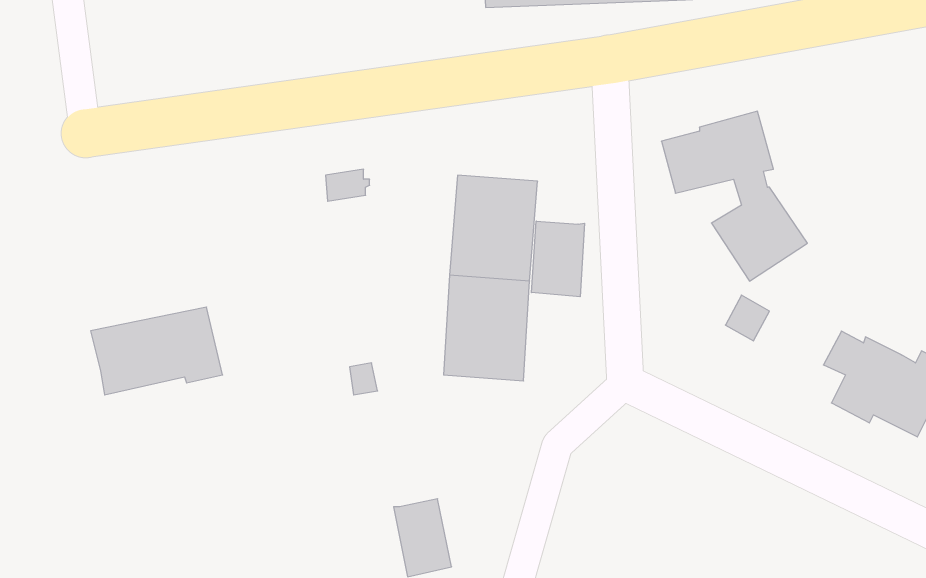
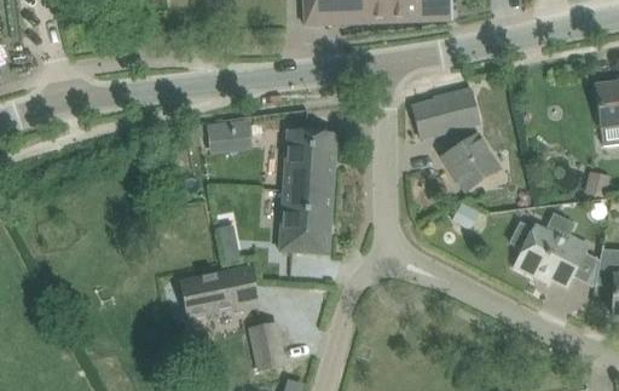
building: [531,221,585,297] -> none
building: [91,307,223,395] -> [180,265,260,318]

